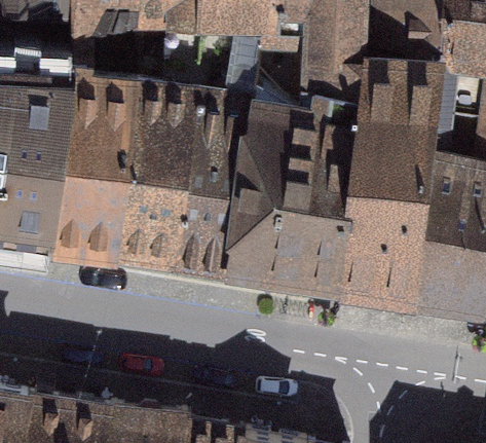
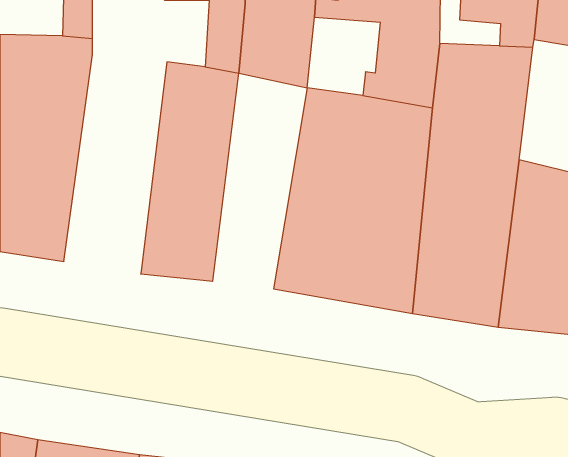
building: [53,69,139,251] -> none
building: [177,84,255,263] -> none

